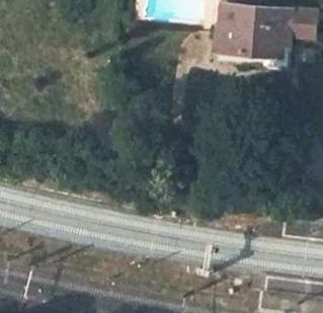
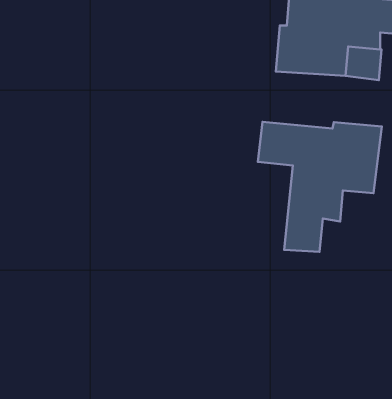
building: none -> [258,122,382,252]

